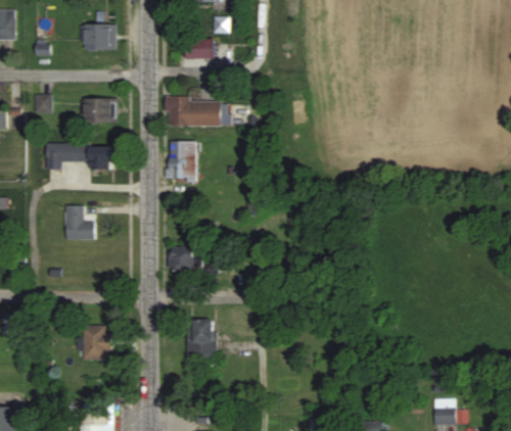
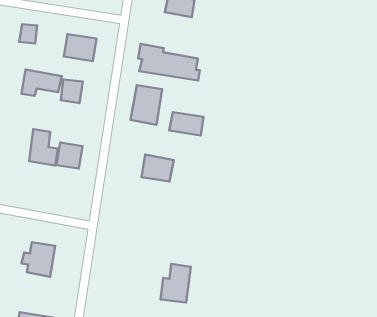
building: none -> [169,112,203,136]
building: none -> [56,143,82,169]
building: [169,246,200,271] -> [141,155,174,181]
building: [186,321,215,361] -> [161,264,191,303]

